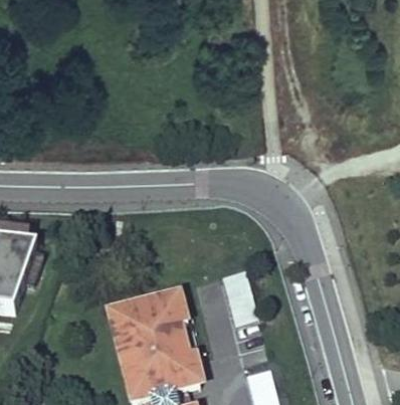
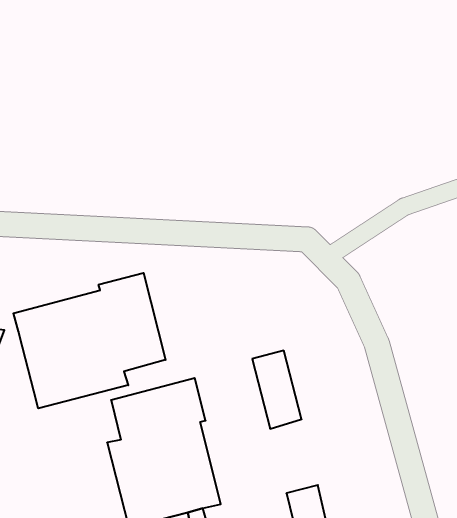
building: none -> [13,273,166,408]

